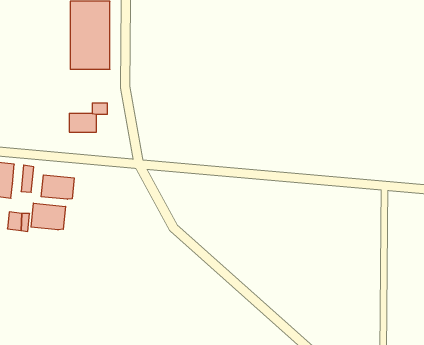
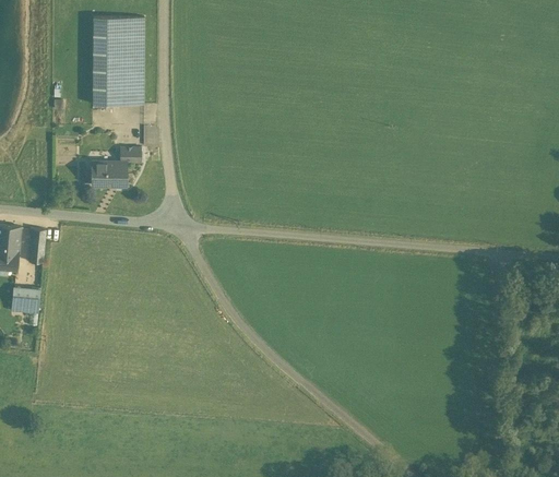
building: [41,175,74,199] -> none
building: [31,203,66,230] -> none

